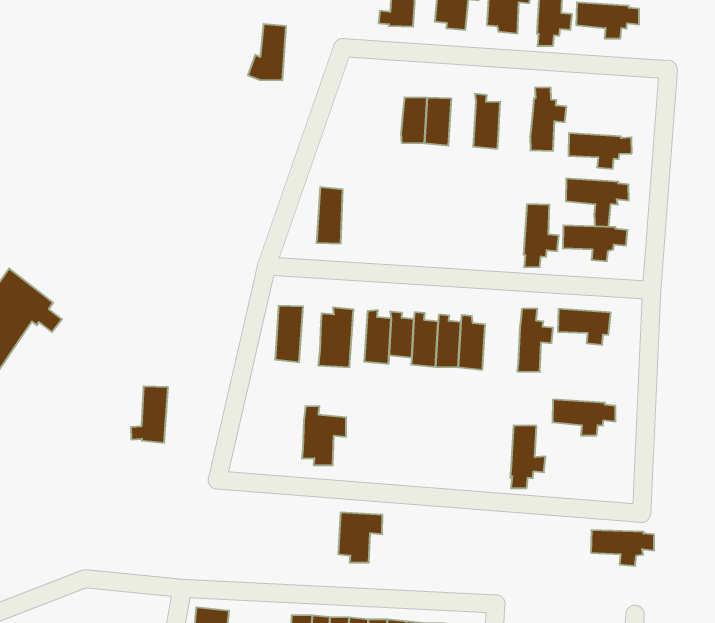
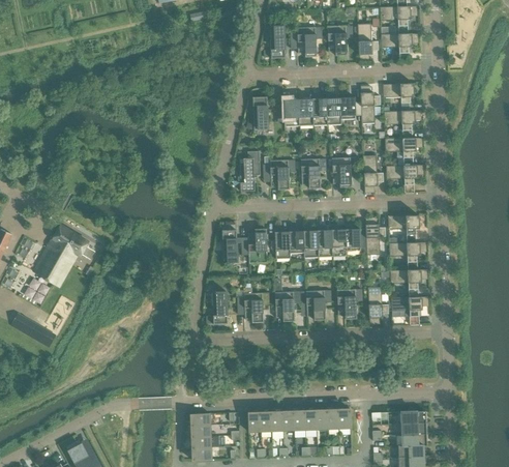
building: [248,24,286,80] -> [246,96,267,129]
building: none -> [382,83,413,103]
building: none -> [311,94,327,125]
building: none -> [339,92,360,119]
building: none -> [269,159,295,189]
building: none -> [300,157,326,187]
building: none -> [331,156,357,186]
building: none -> [345,225,366,256]
building: none -> [388,241,426,261]
building: [131,386,168,443] -> [206,290,227,323]
building: none -> [305,289,331,320]
building: none -> [336,288,362,318]
building: [338,512,382,563] -> [274,291,300,321]
building: [591,530,654,566] -> [390,295,428,316]

